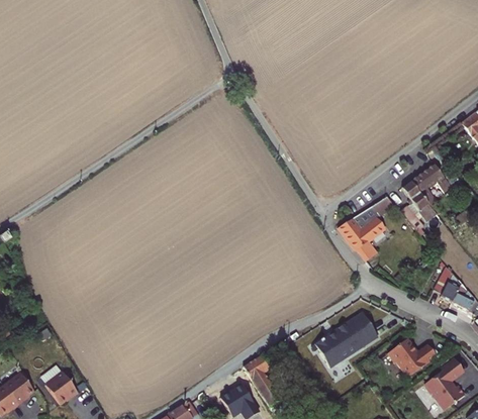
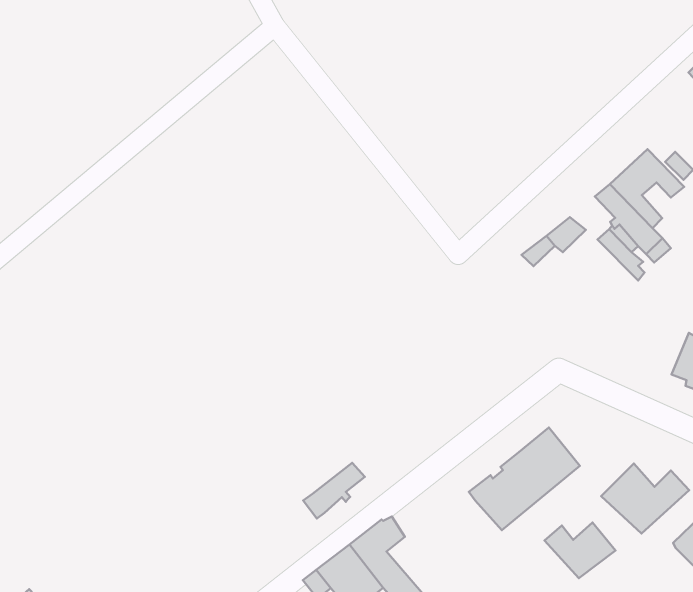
building: [338,217,384,258] -> none
building: none -> [303,463,365,518]
building: none -> [545,522,615,578]

